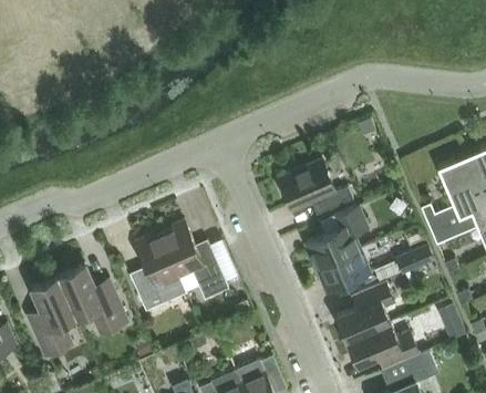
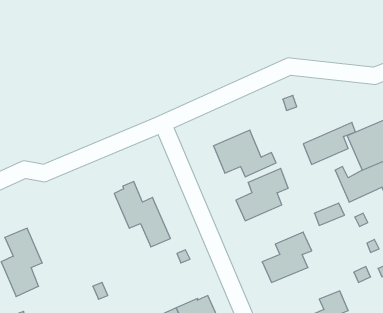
building: [130,236,186,311] -> none
building: [317,242,379,292] -> [303,122,356,164]
building: [59,266,127,334] -> none
building: [348,323,418,369] -> none

